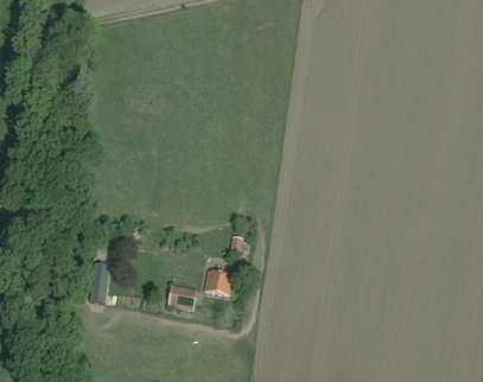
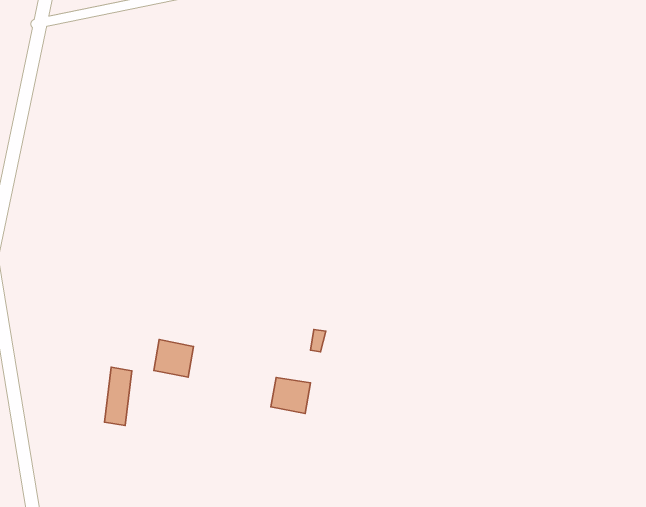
building: [167,284,195,310] -> [154,339,193,377]

